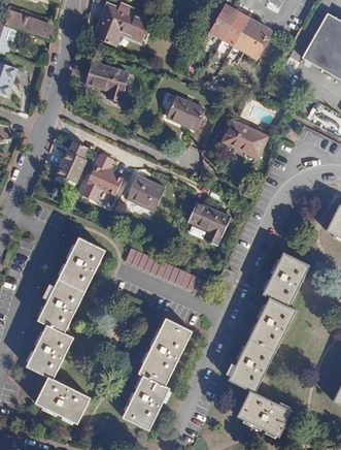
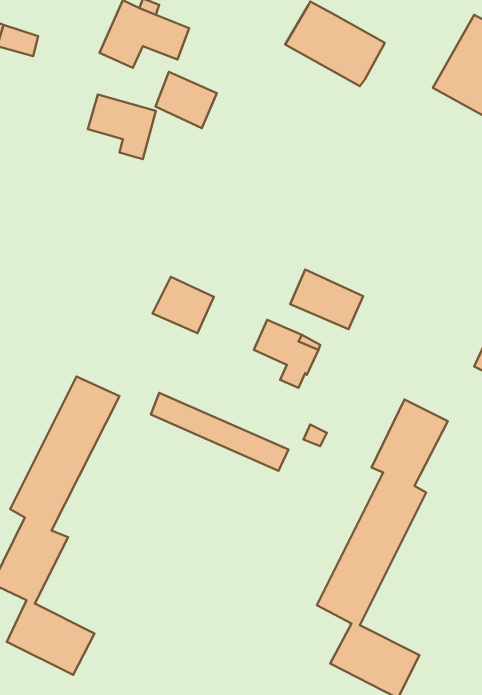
building: [166,95,204,130] -> [156,72,217,128]
building: [221,120,267,157] -> [290,269,363,329]
building: [54,140,87,185] -> none
building: [80,154,122,201] -> none
building: [123,318,192,429] -> none

